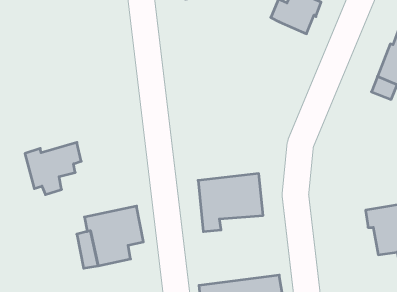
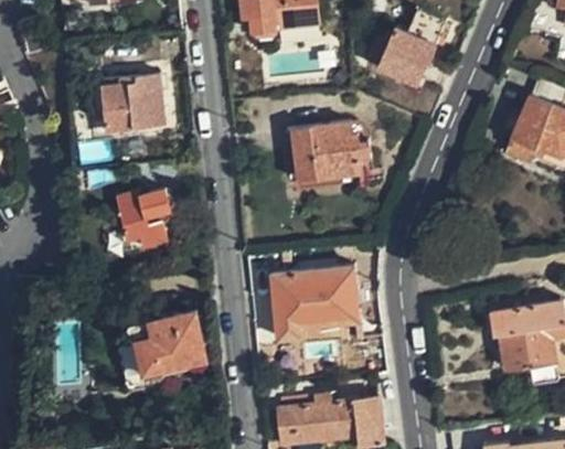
building: none -> [104,75,166,131]
building: none -> [292,124,371,179]
building: [25,142,81,195] -> [118,182,191,249]

